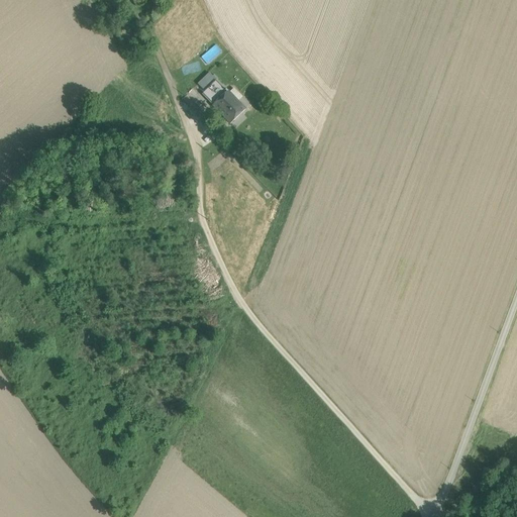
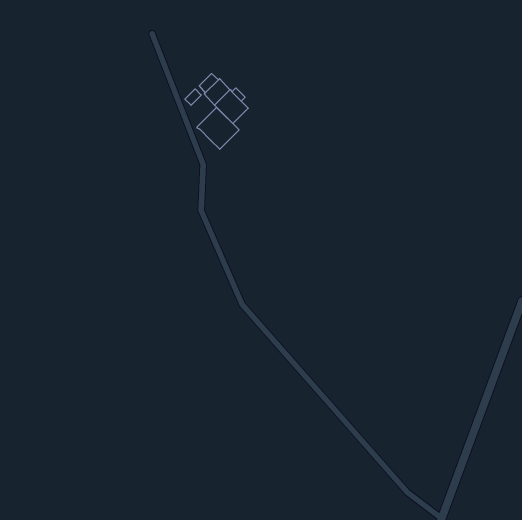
building: none -> [197,107,239,149]

